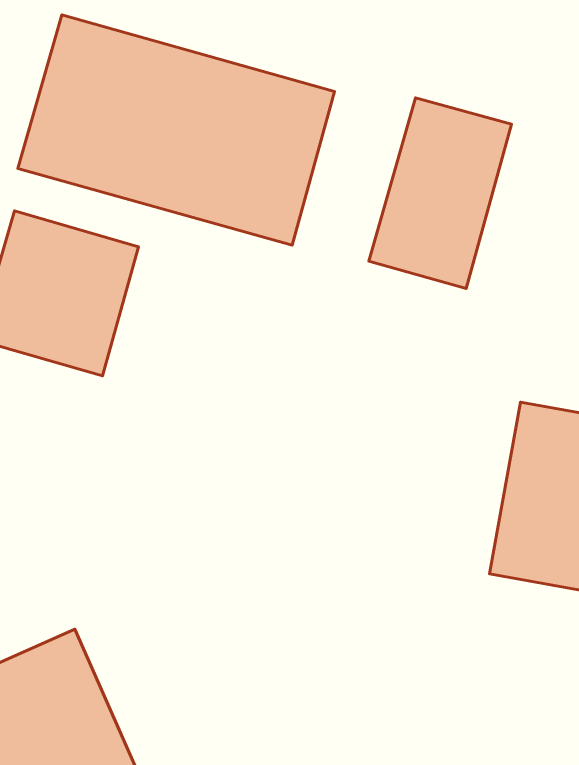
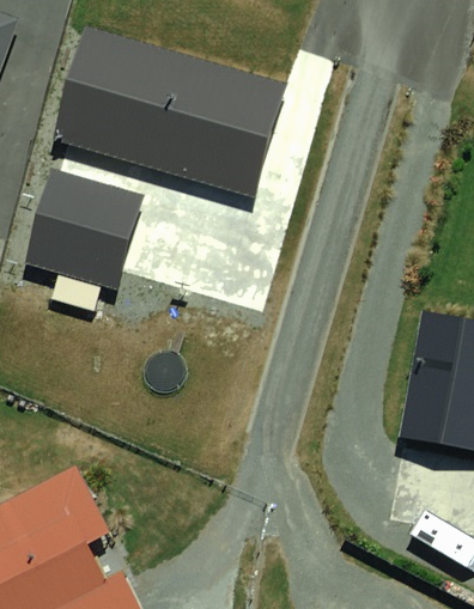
building: [369,98,512,289] -> none

